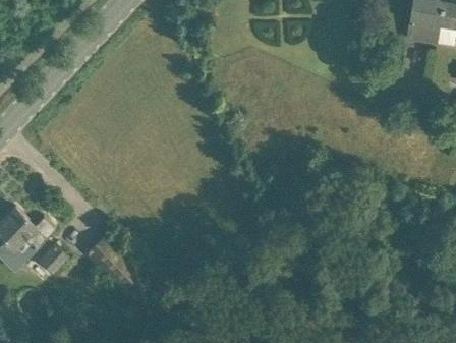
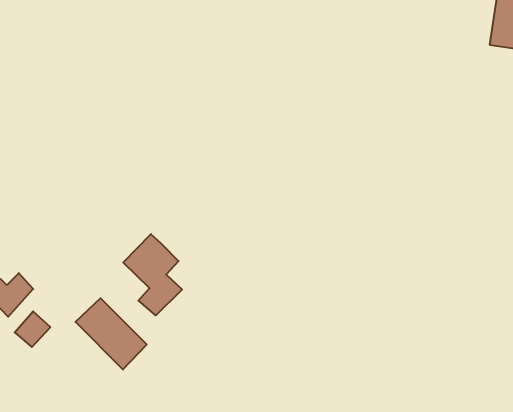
building: none -> [123,234,182,315]

